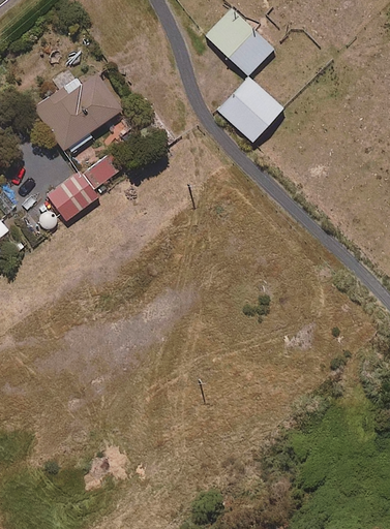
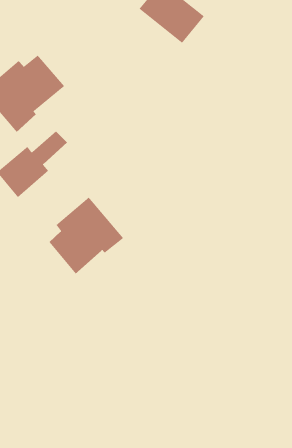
building: [219,76,284,142] -> none
building: none -> [48,197,124,274]

